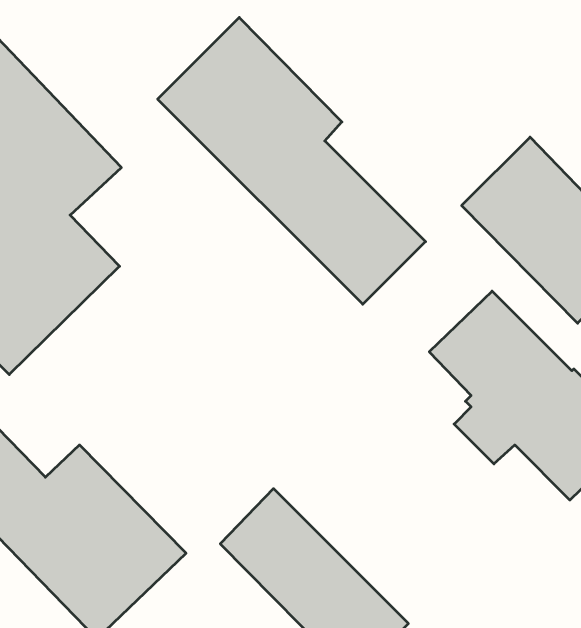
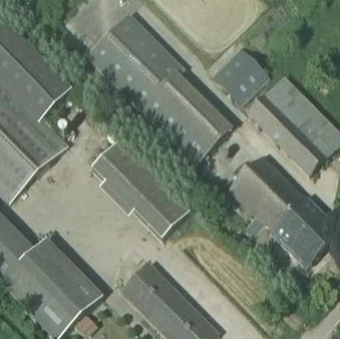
building: none -> [211,45,269,102]
building: none -> [91,137,191,238]

